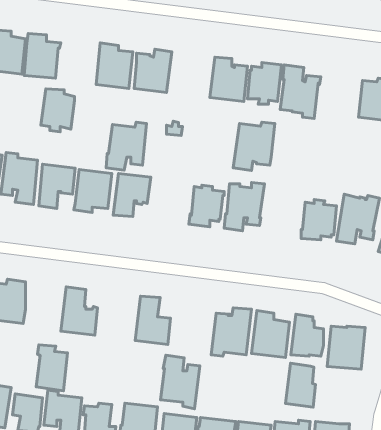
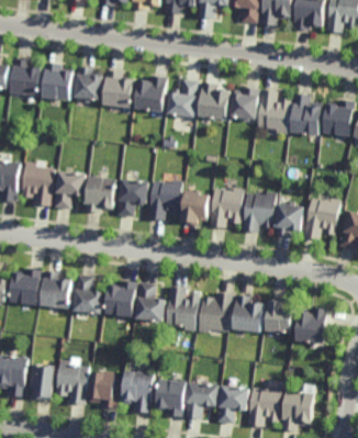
building: none -> [165,79,197,117]
building: none -> [289,93,321,135]
building: [41,89,75,132] -> [71,67,100,103]
building: [106,122,147,170] -> [146,180,180,221]
building: [233,122,275,170] -> [240,192,276,233]
building: none -> [104,281,136,318]
building: [36,345,67,391] -> [43,272,69,311]
building: [161,355,200,409] -> [165,288,198,333]
building: [285,363,316,407] -> none

